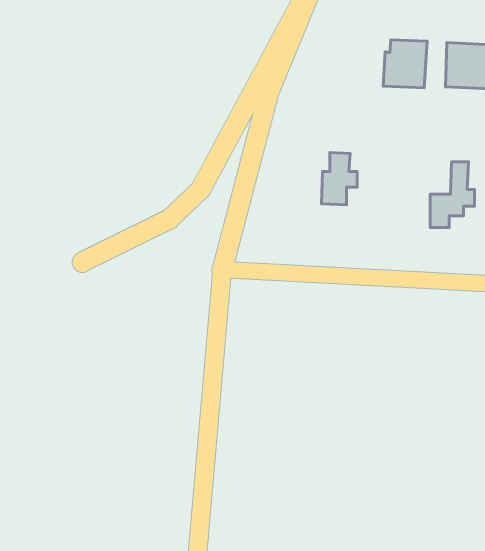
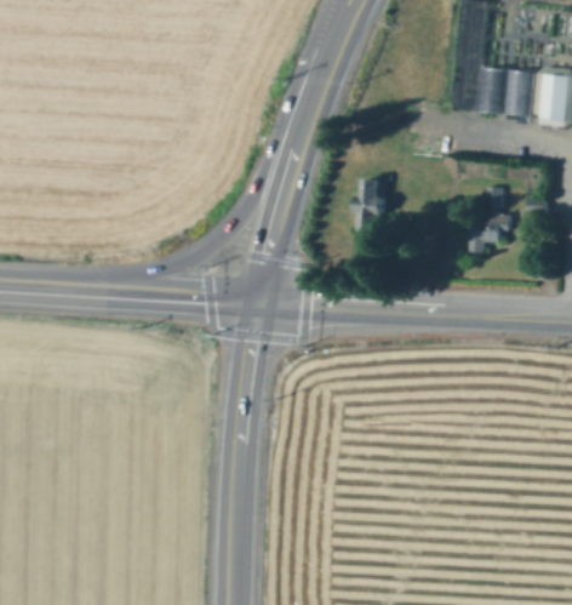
building: [383,40,427,88] -> none

